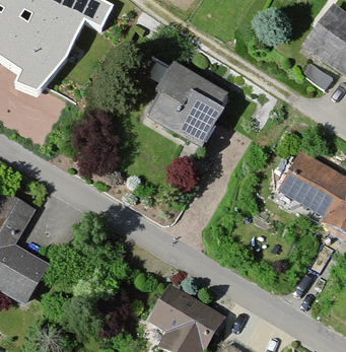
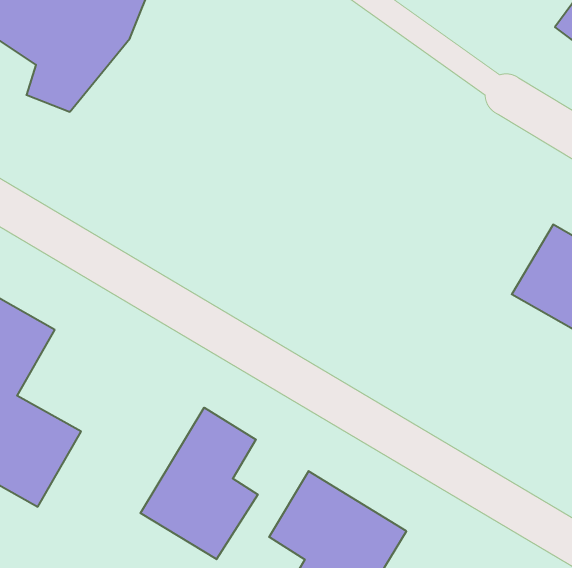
building: [146,63,227,148] -> none
building: none -> [140,408,258,559]

